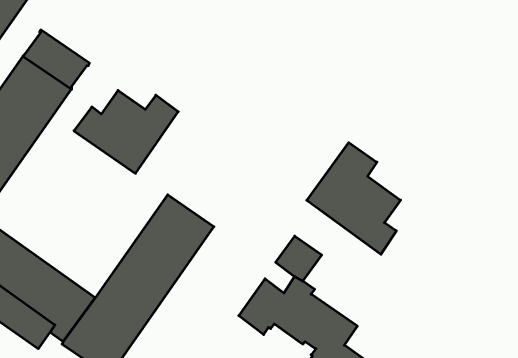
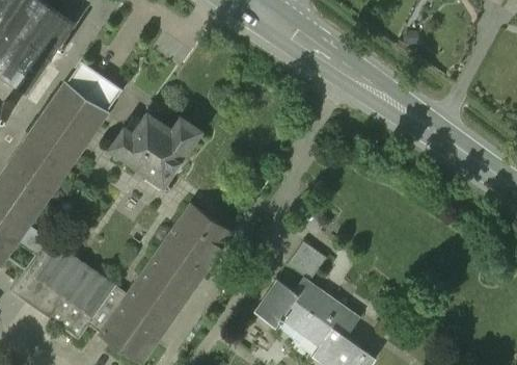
building: [307,143,401,254] -> none

